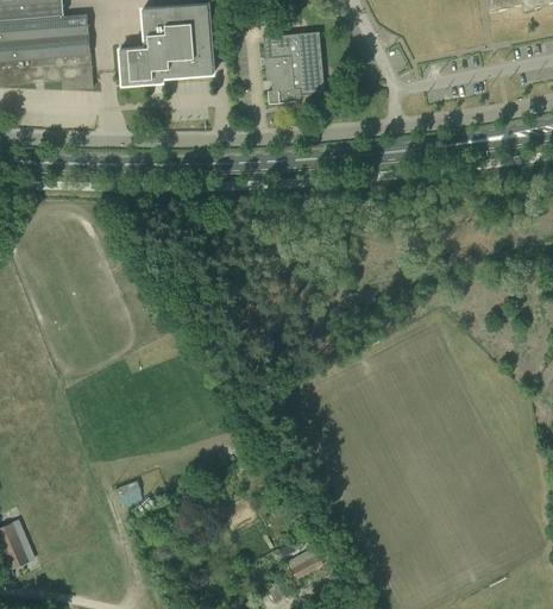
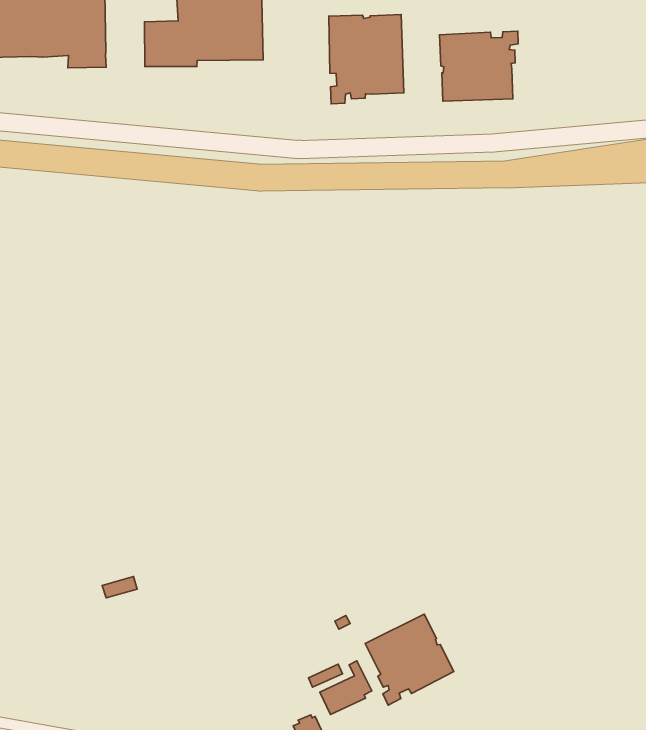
building: none -> [440,31,518,101]
building: none -> [365,614,454,705]

